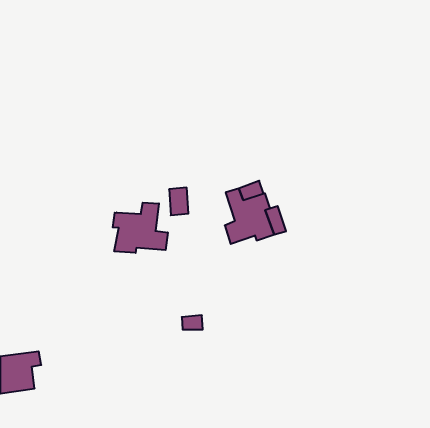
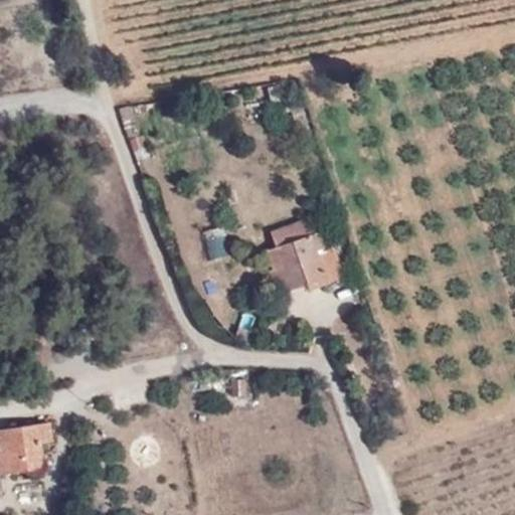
building: [113,203,168,253] -> none

